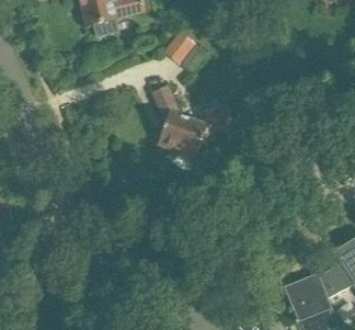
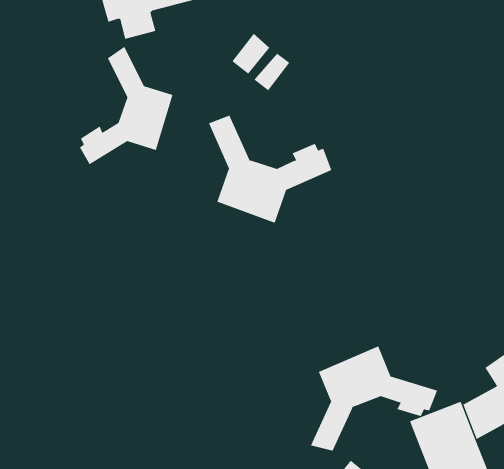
building: none -> [79,46,173,165]
building: none -> [310,346,438,451]

